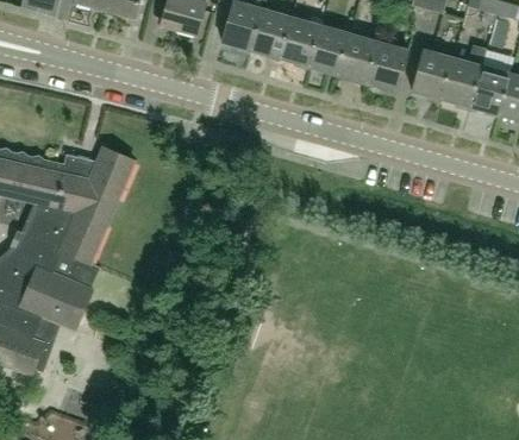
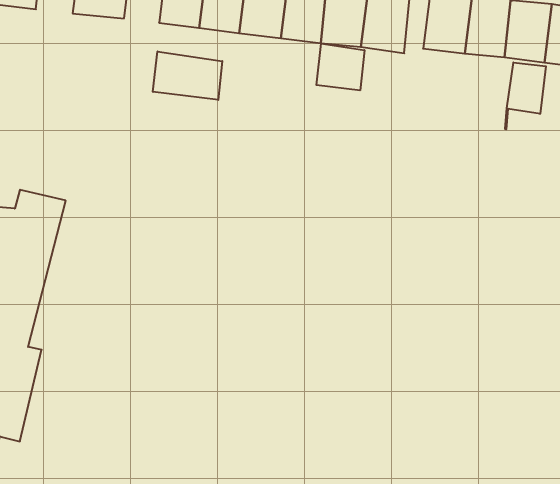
building: none -> [153,51,222,100]
building: none -> [316,43,364,90]
building: none -> [505,62,546,129]

